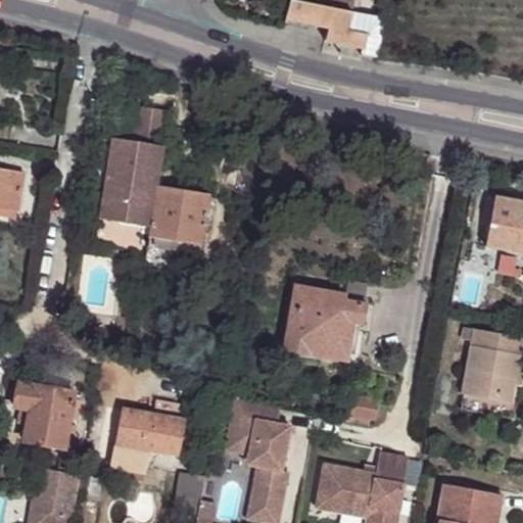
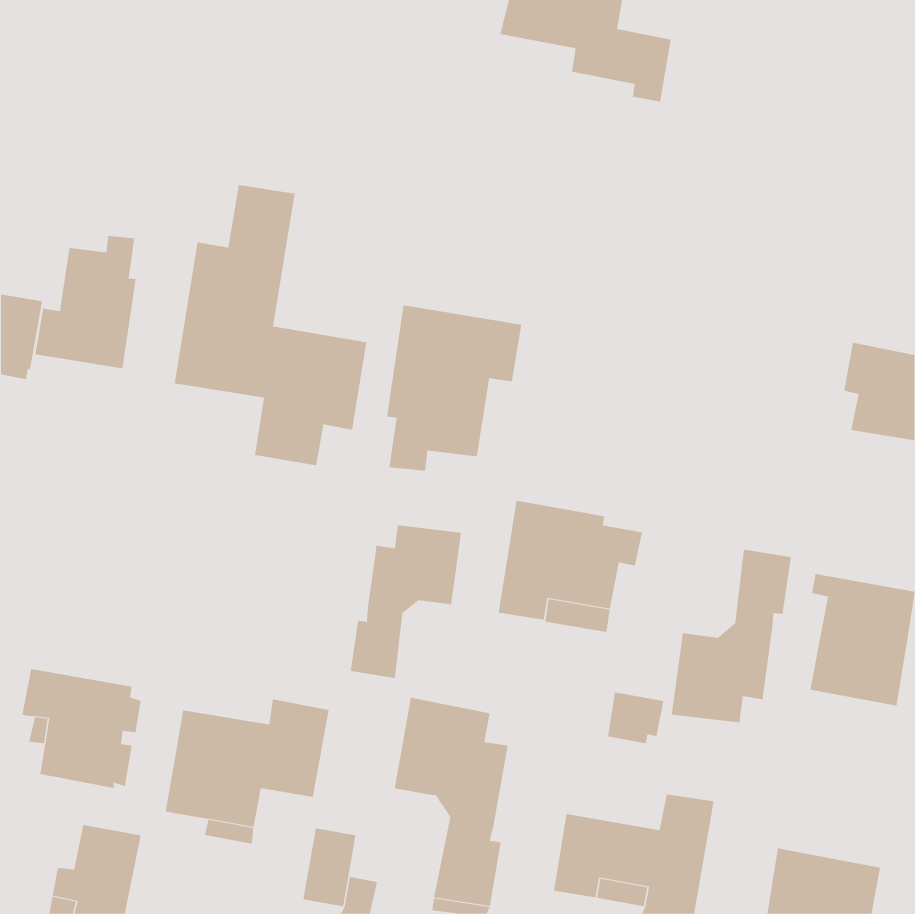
building: none -> [35,235,136,369]
building: none -> [387,305,522,472]
building: none -> [350,525,462,679]
building: none -> [671,549,792,723]

